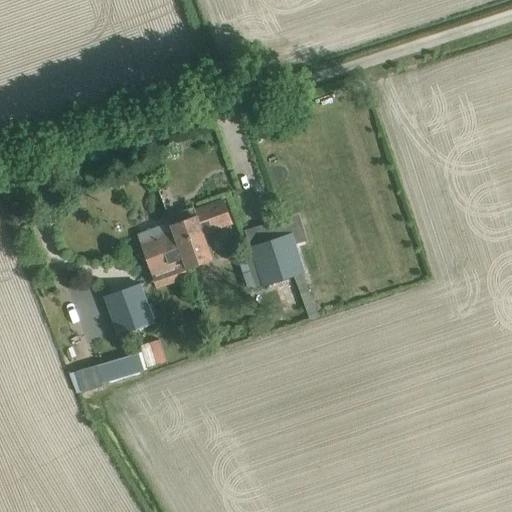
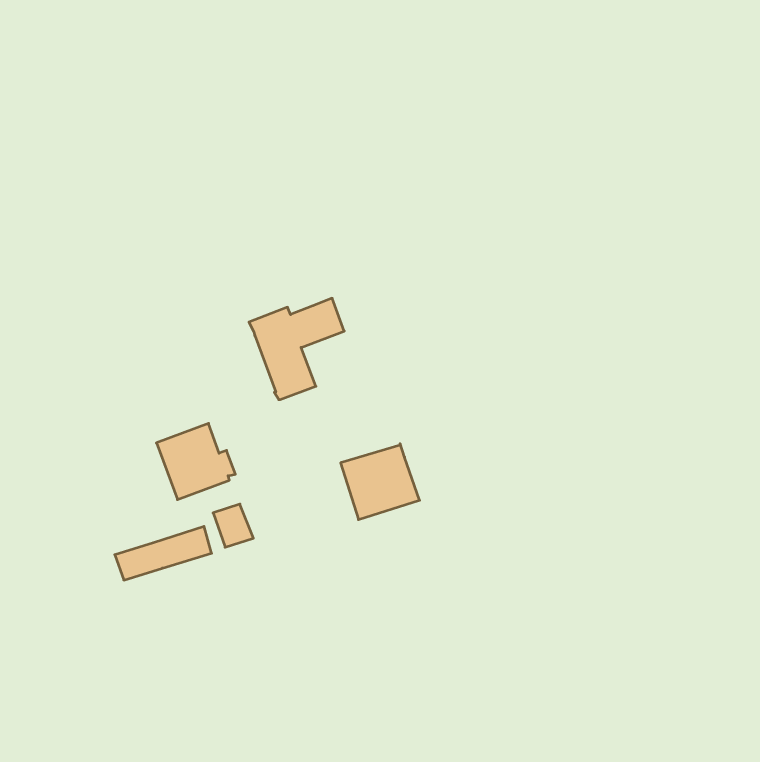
building: [138,222,185,274] -> none
building: [249,235,302,286] -> [341,444,420,520]

